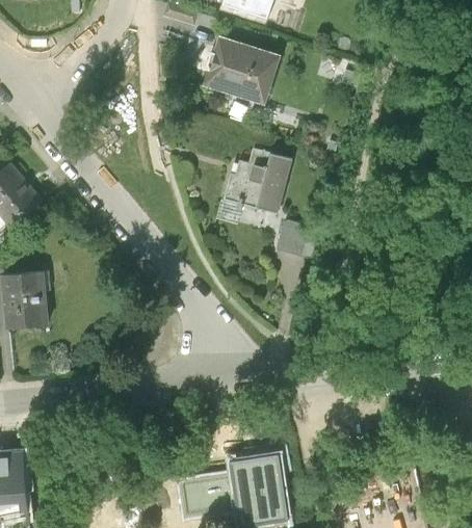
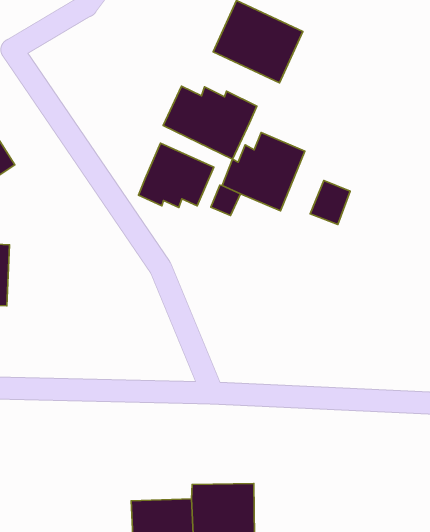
building: none -> [163,86,257,159]
building: none -> [138,143,214,207]
building: [274,219,307,256] -> [310,181,350,225]

